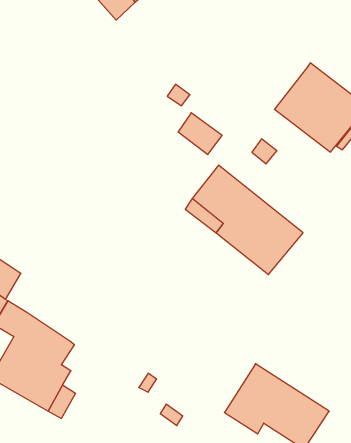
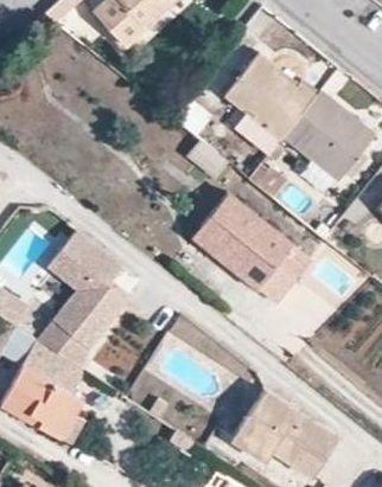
building: none -> [222,53,316,143]
building: none -> [36,231,129,369]

